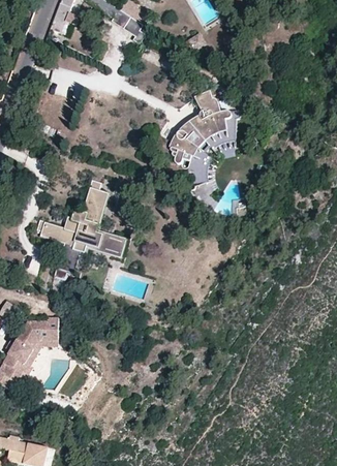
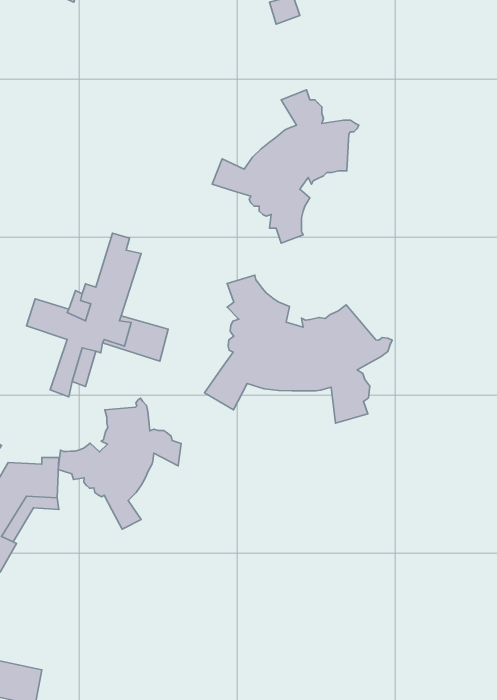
building: none -> [204,275,392,423]
building: none -> [58,398,181,529]

